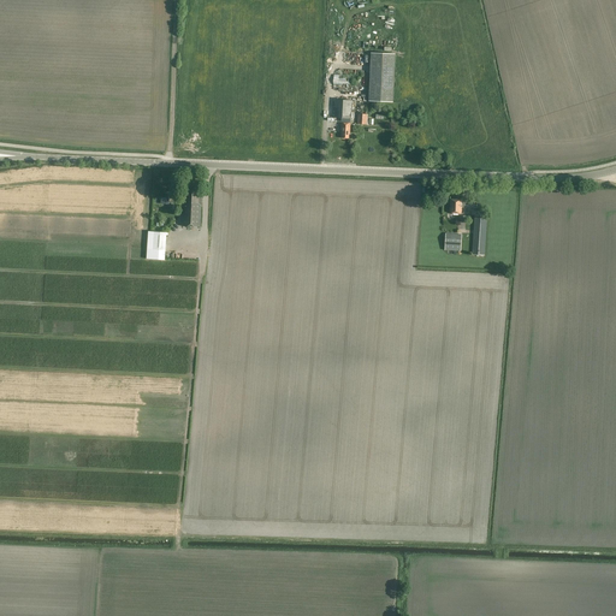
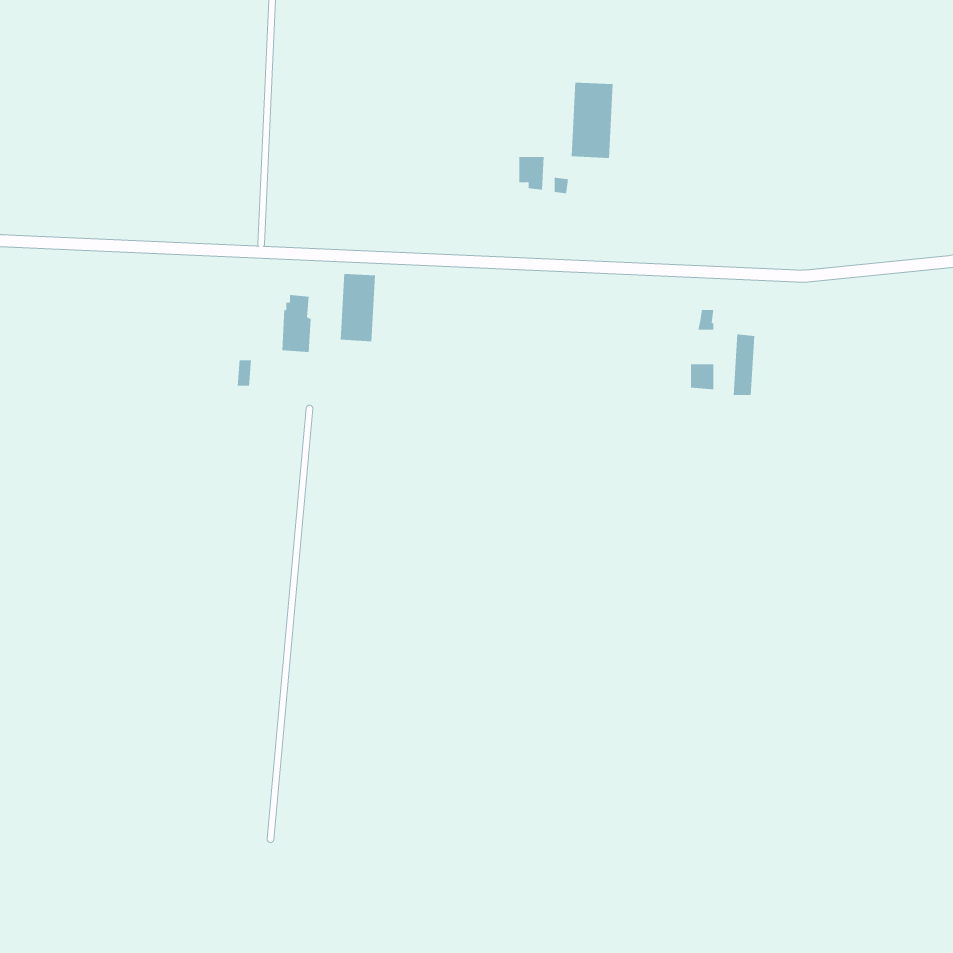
building: none -> [340,273,375,342]

